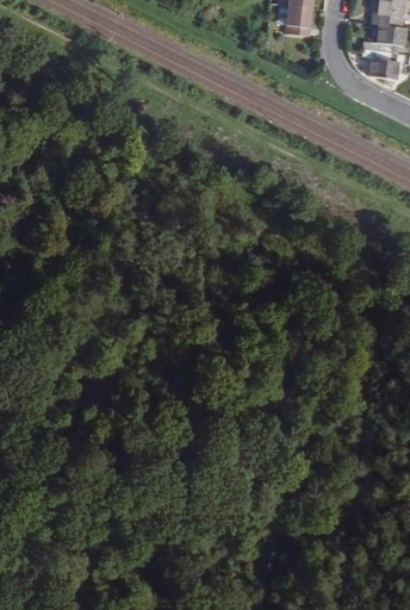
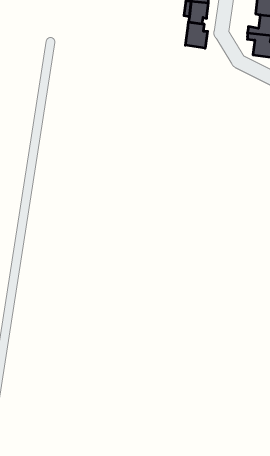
building: none -> [185,22,208,48]

